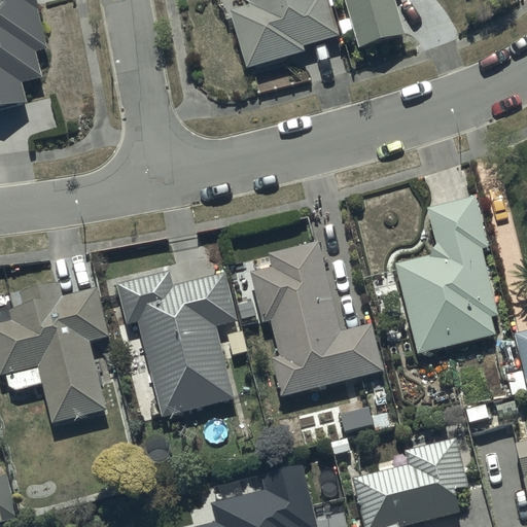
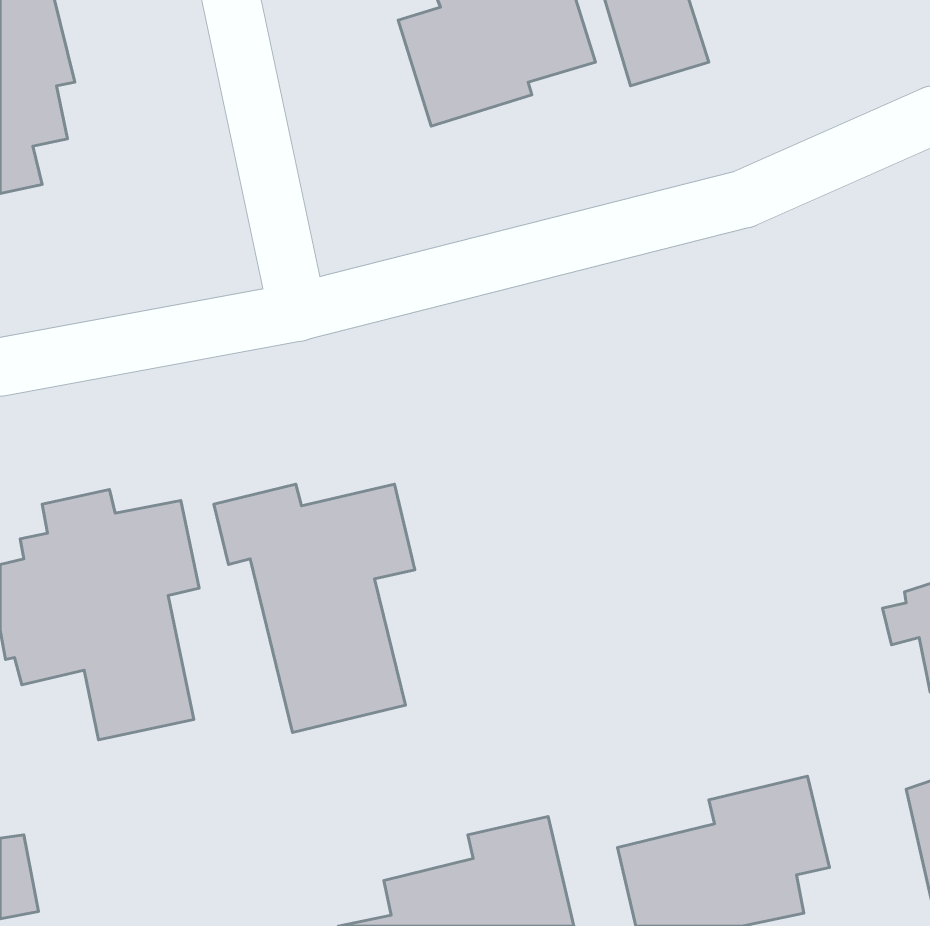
building: [393,198,497,355] -> none
building: [249,244,382,397] -> none

